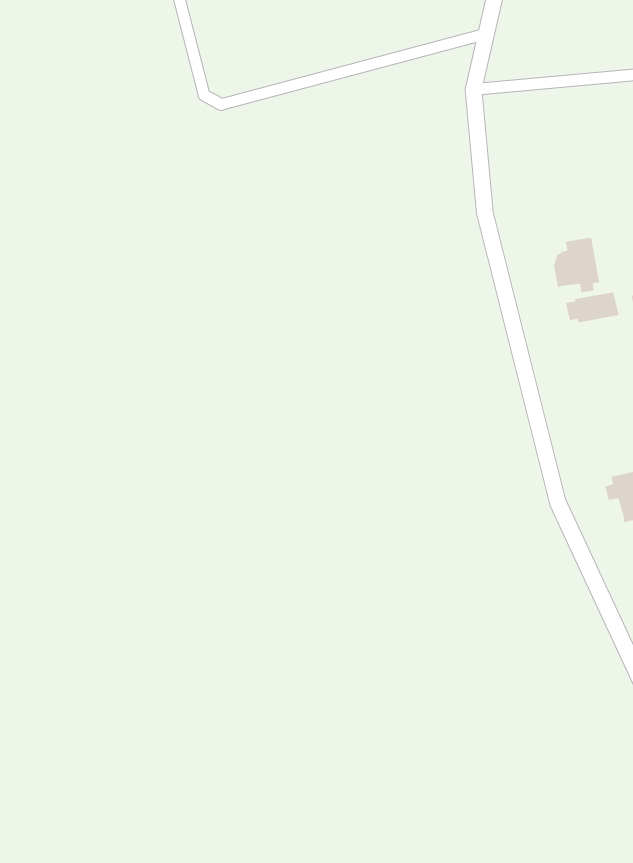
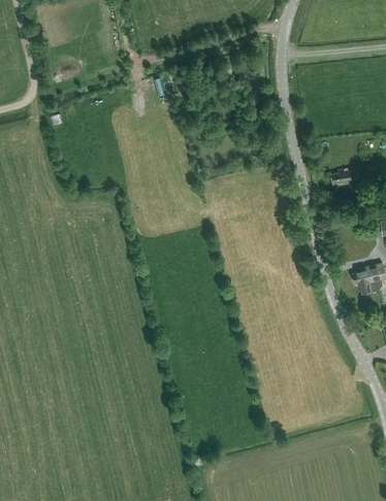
building: [553,237,600,293] -> none

